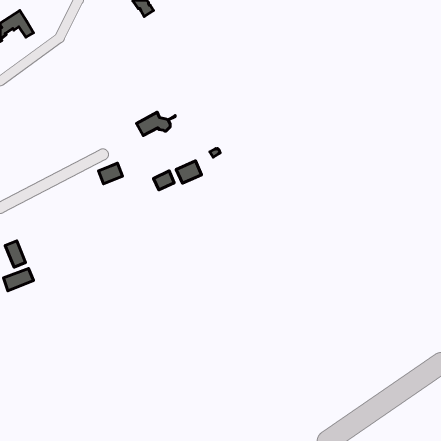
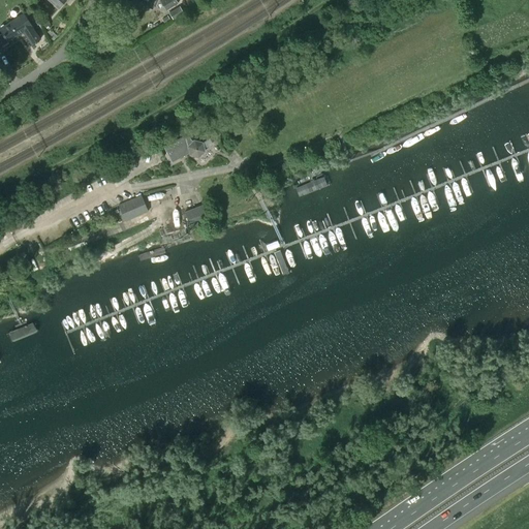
building: [176,161,202,183] -> none
building: [5,241,25,267] -> none

